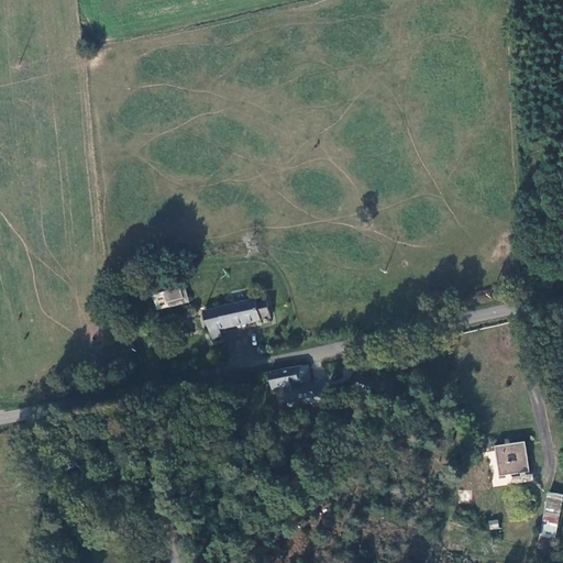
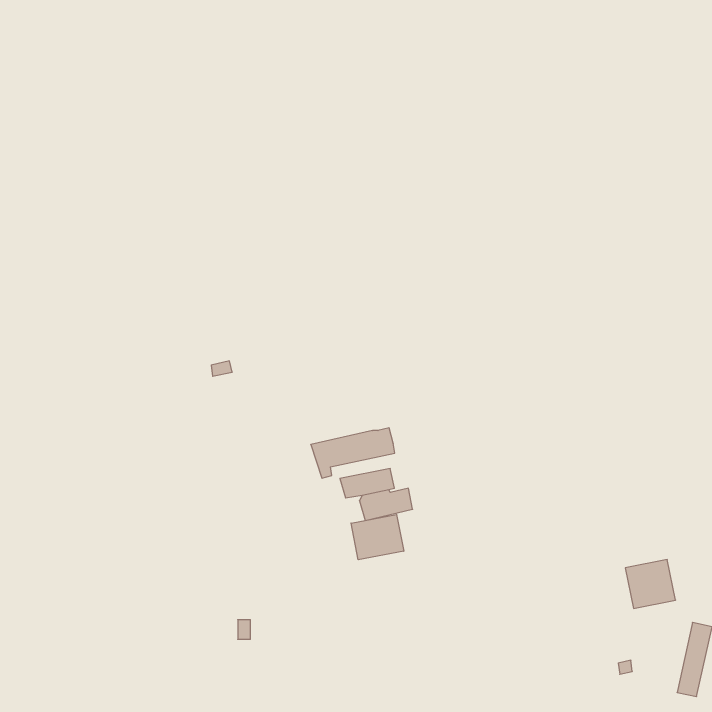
building: [205,296,271,335] -> [311,428,395,478]
building: none -> [351,514,404,560]

